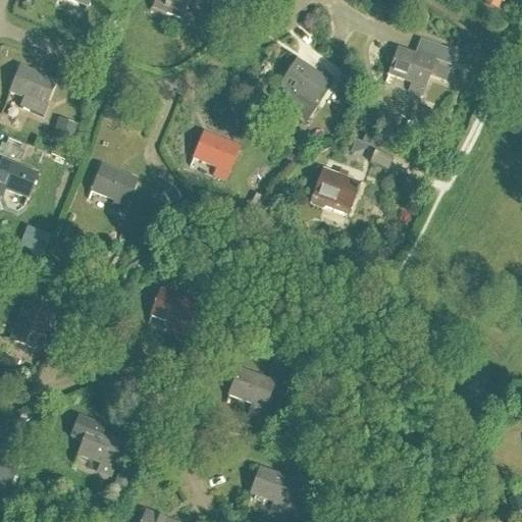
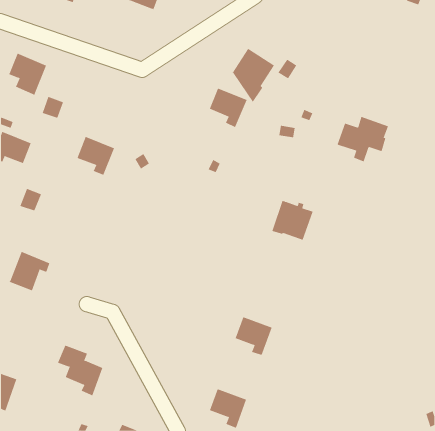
building: [386,38,452,93] -> [334,116,389,162]
building: [191,130,240,178] -> [206,88,247,128]
building: [307,167,357,215] -> [272,200,313,240]
building: [148,286,197,334] -> none
building: [226,366,274,413] -> [233,316,273,356]

